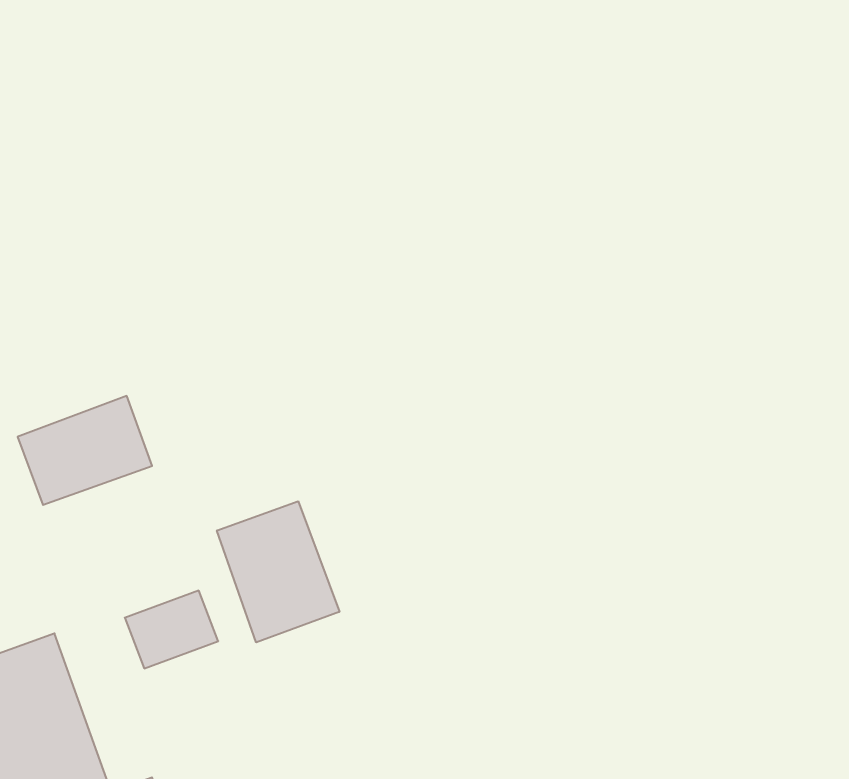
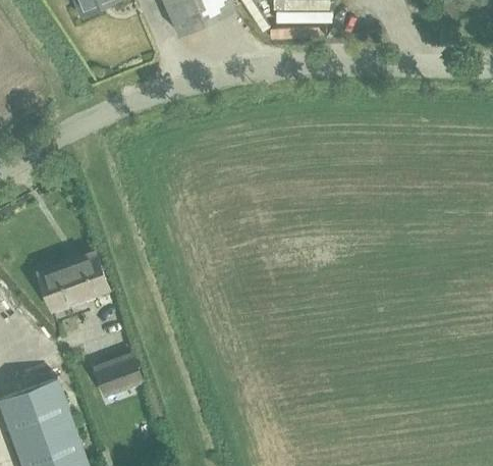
building: [217,501,339,642] -> none

